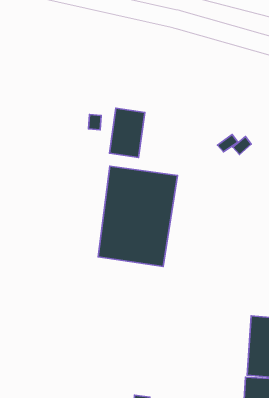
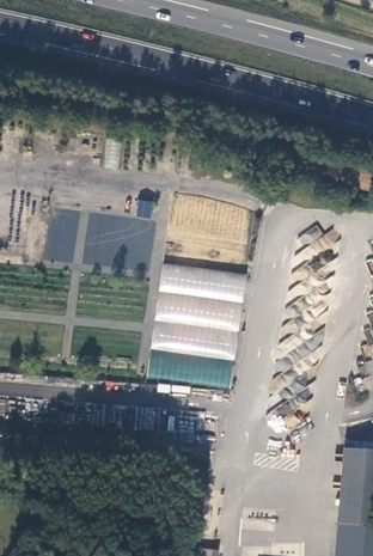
building: [109,108,145,157] -> none

